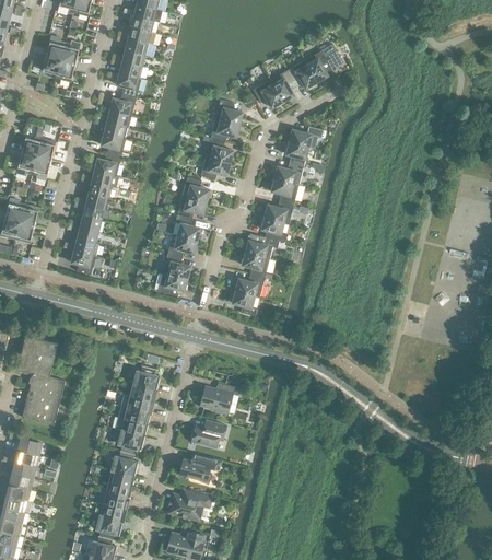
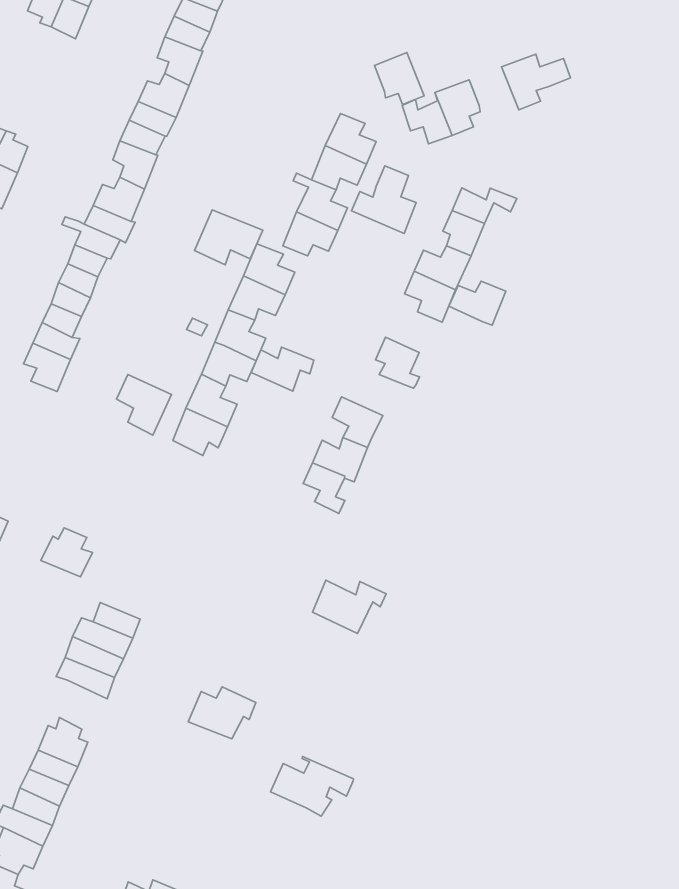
building: [286,60,316,89] -> [374,53,424,104]
building: none -> [351,166,416,234]
building: none -> [194,210,263,265]
building: [263,200,293,223] -> [449,281,506,325]
building: [245,236,278,259] -> [251,347,314,391]
building: none -> [116,374,171,435]
building: [132,365,160,390] -> [41,528,93,577]
building: [200,384,238,412] -> [313,580,386,634]
building: [118,430,144,455] -> none
building: [178,453,222,483] -> [270,757,353,816]
building: [167,488,211,520] -> none

